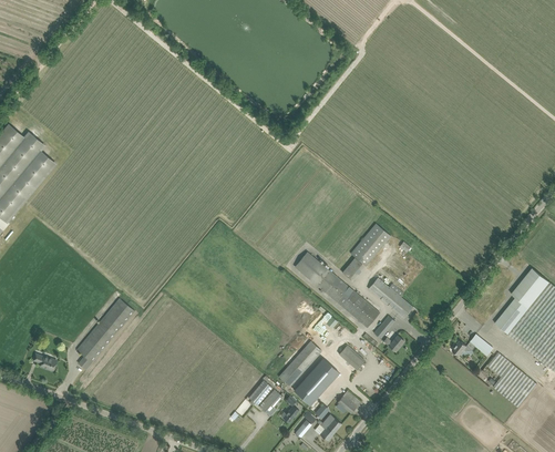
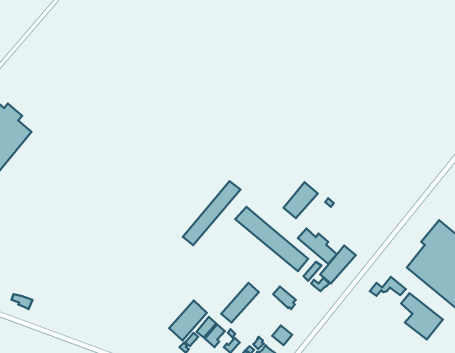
building: none -> [183,181,240,245]
building: none -> [320,245,356,283]
building: [78,298,135,370] -> none
building: [295,358,339,404] -> [169,301,207,340]

